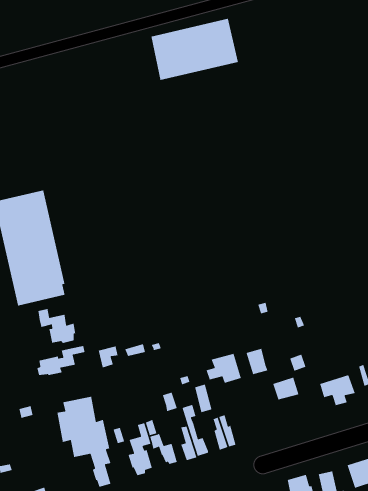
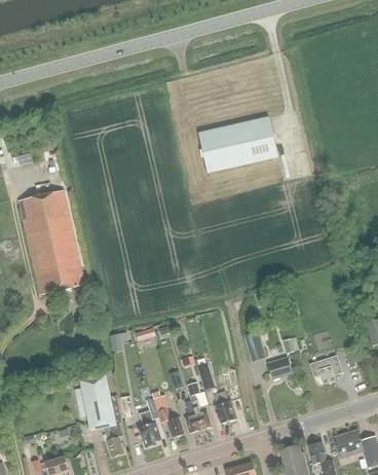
building: [151,18,239,81] -> [198,116,277,173]
building: [38,308,76,344] -> none
building: [36,345,86,376] -> none
building: [206,353,242,384] -> none

